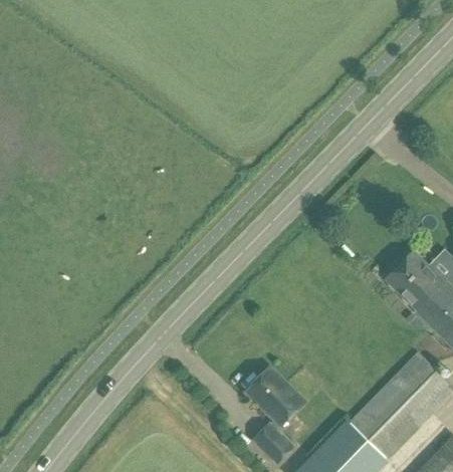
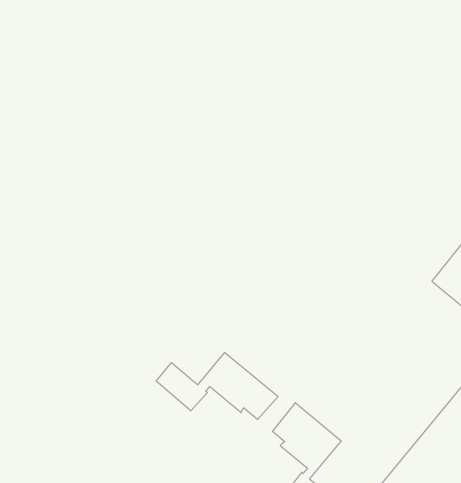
building: none -> [156,352,278,420]

